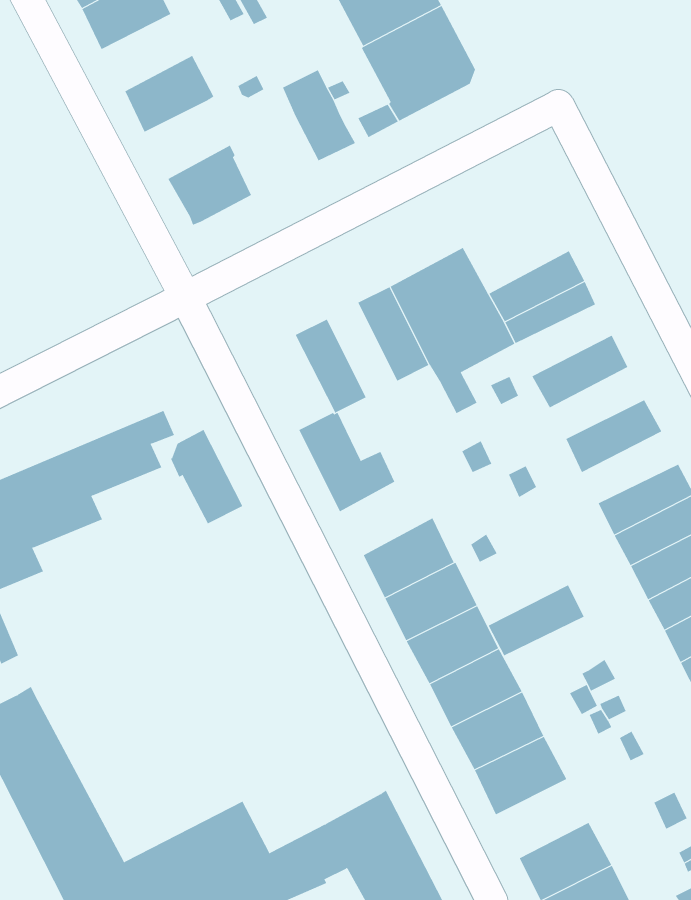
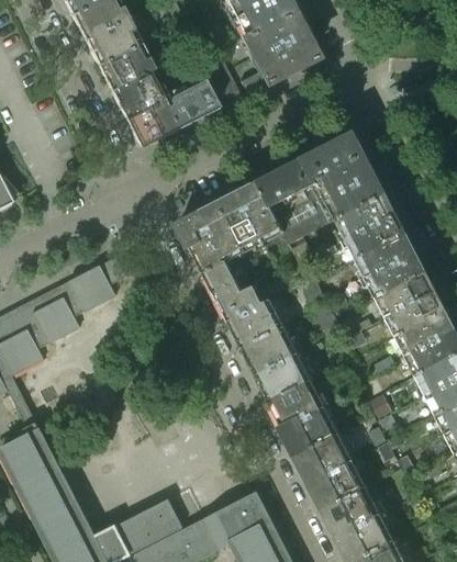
building: none -> [81,18,137,65]
building: none -> [108,70,160,119]
building: none -> [163,80,214,128]
building: none -> [303,135,368,189]
building: none -> [220,194,263,252]
building: none -> [335,195,394,239]
building: none -> [356,234,414,278]
building: [170,429,243,524] -> [179,214,224,272]
building: none -> [227,300,285,349]
building: [488,584,585,656] -> [376,273,435,317]
building: none -> [323,486,380,535]

